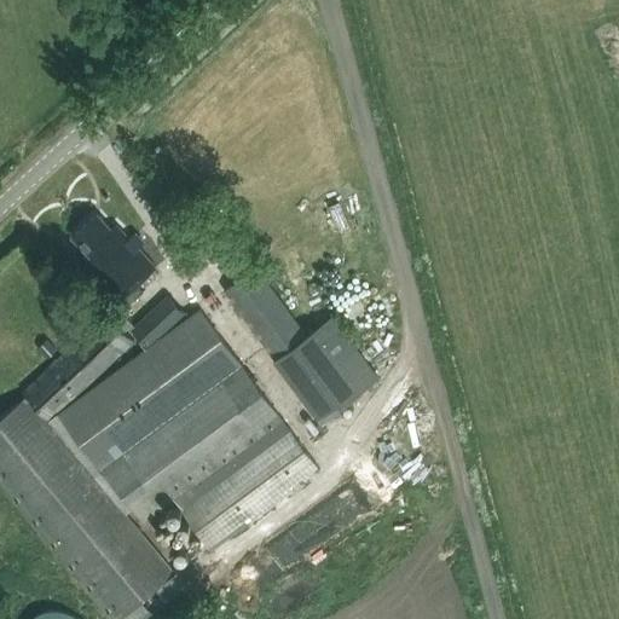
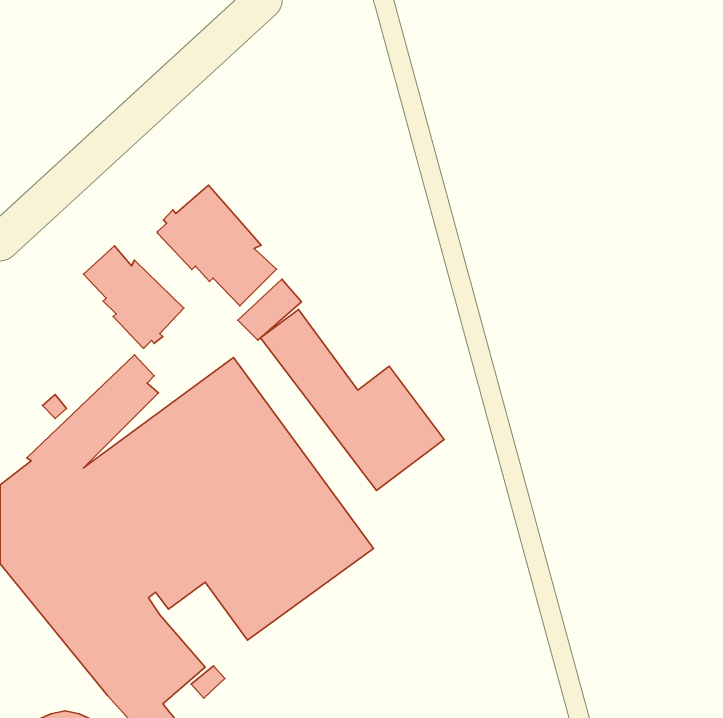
building: none -> [157,185,276,306]
building: [131,296,185,348] -> [238,279,302,340]

